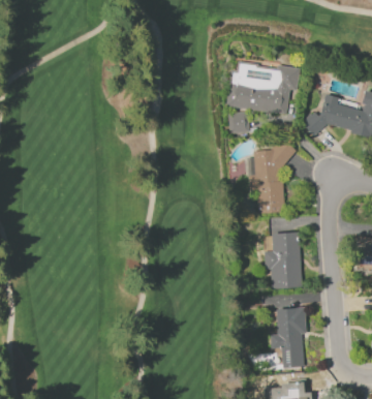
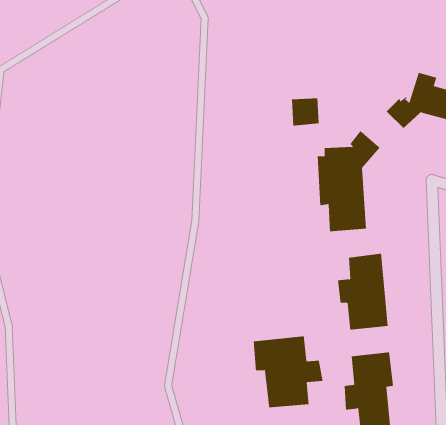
building: [225,60,300,114] -> none
building: none -> [253,335,323,408]

